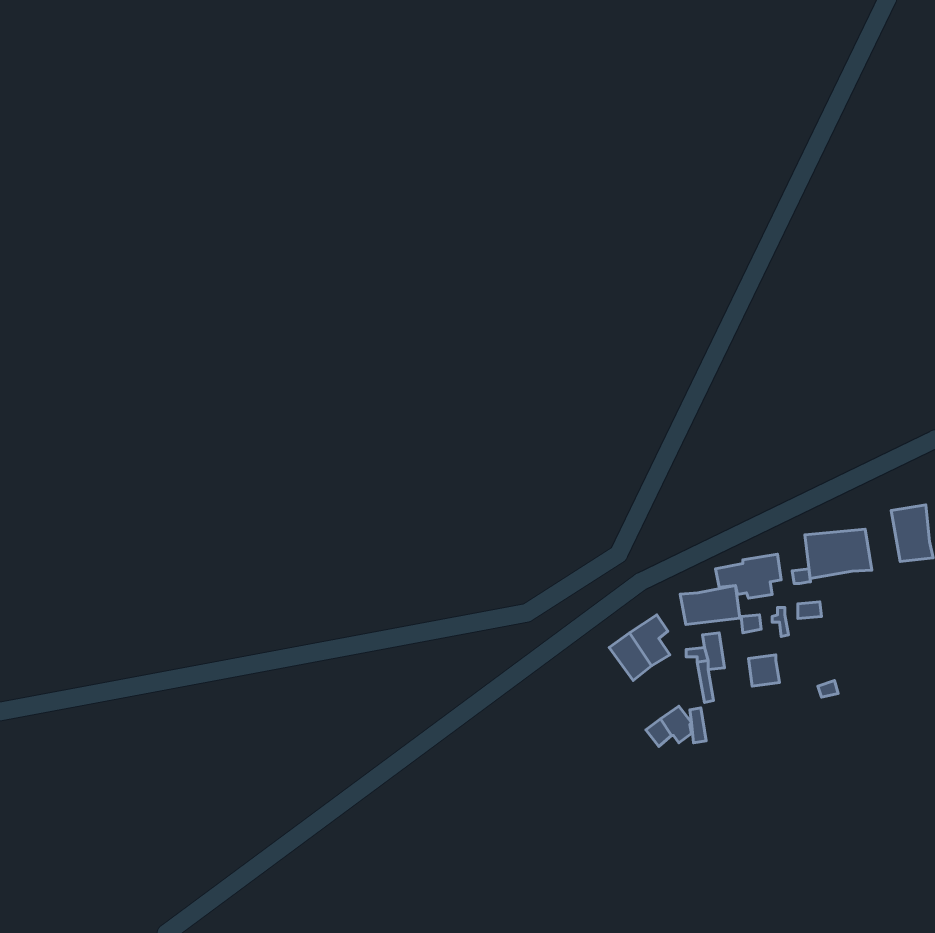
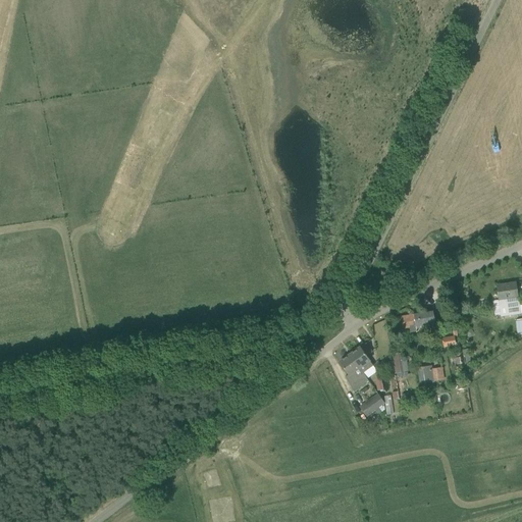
building: [805,529,872,579] -> none
building: [680,585,740,625] -> none

